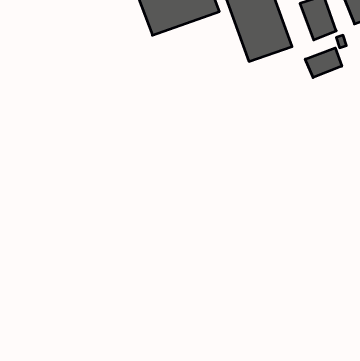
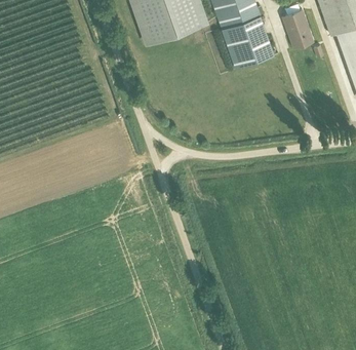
building: [305,48,342,78] -> none

